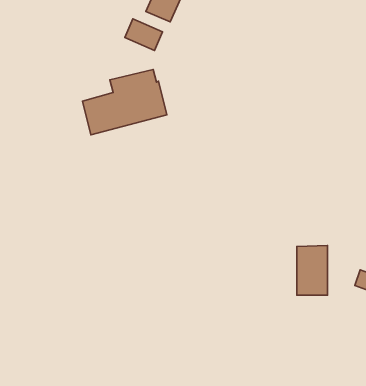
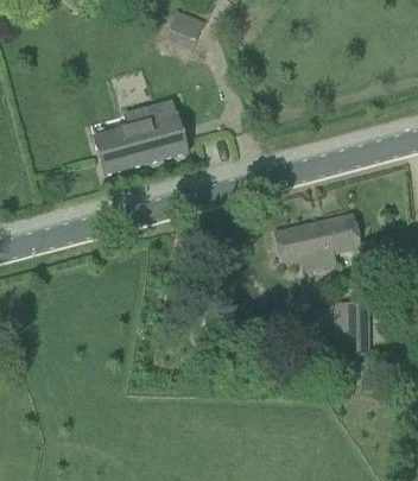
building: [125,19,163,50] -> none
building: none -> [273,214,361,271]

